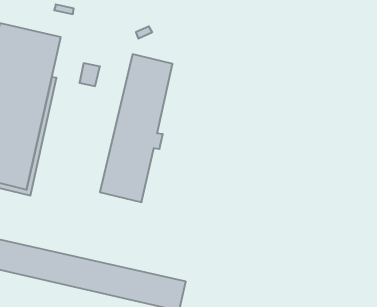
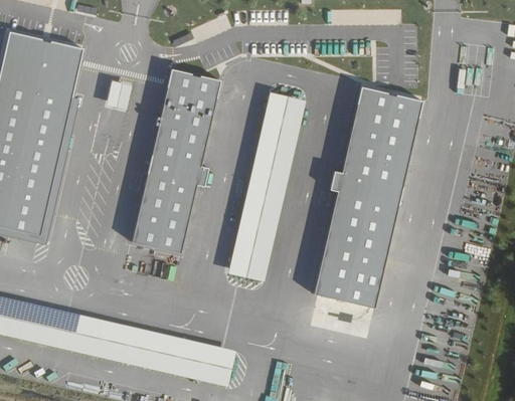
building: none -> [314,89,420,307]
building: none -> [226,92,305,280]

